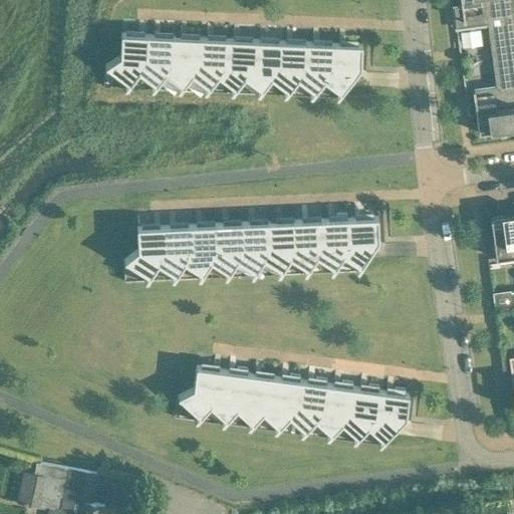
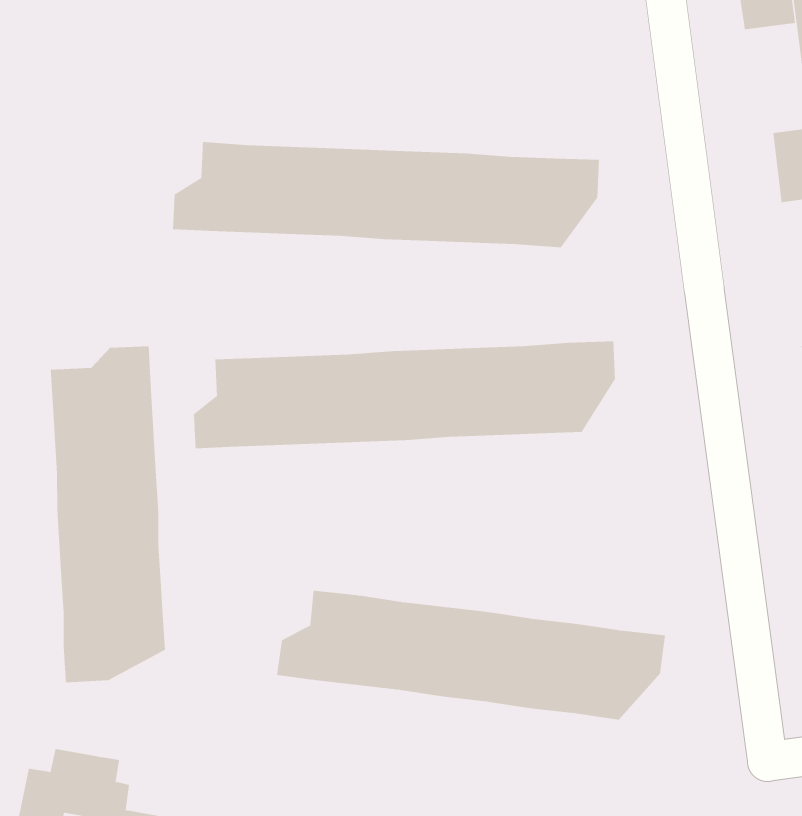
building: [104,32,362,96] -> [172,141,600,248]
building: none -> [50,345,165,683]

